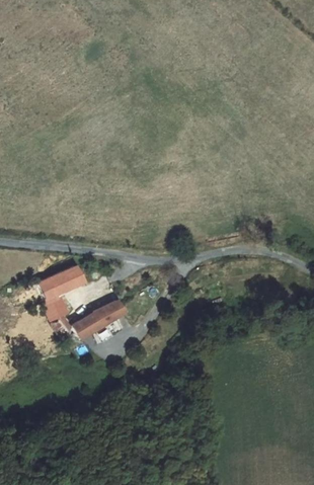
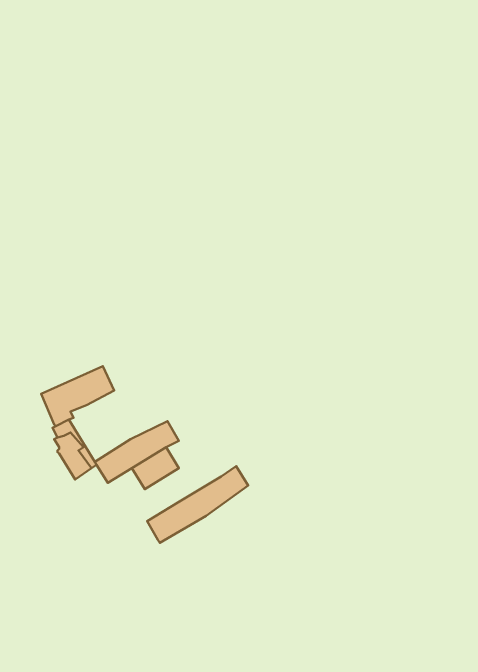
building: none -> [147,466,248,543]

